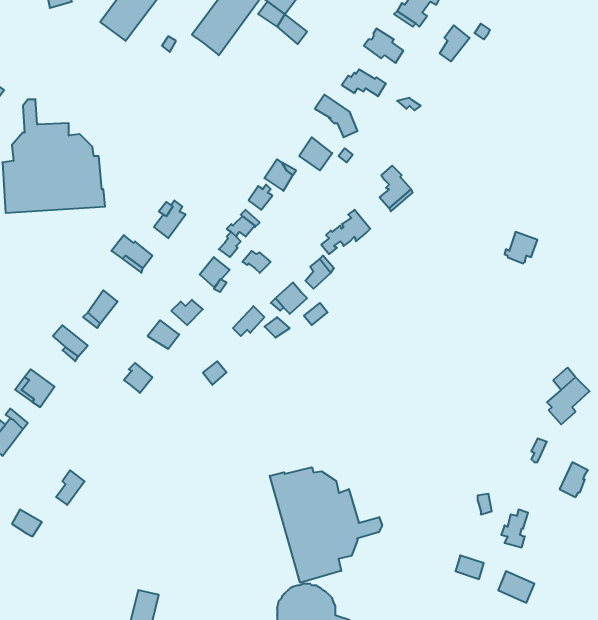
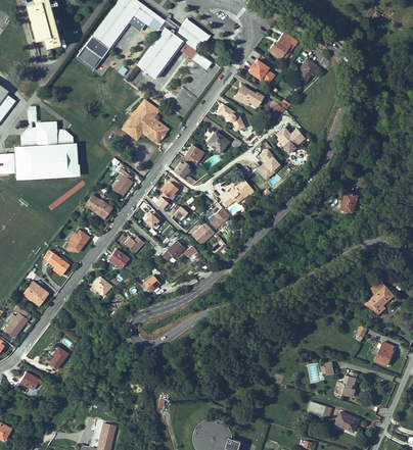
building: none -> [124,100,167,142]
building: none -> [275,128,305,153]
building: [270,467,382,583] -> none

